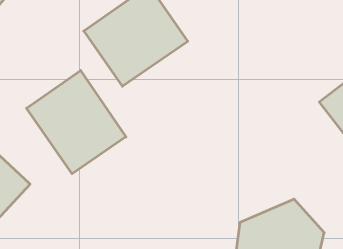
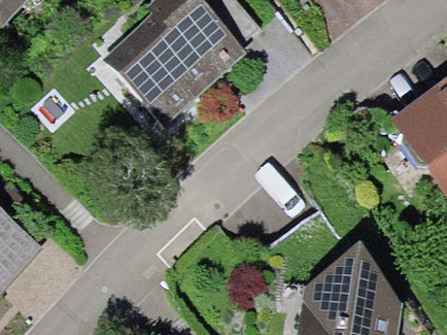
building: [27,70,126,174] -> none

